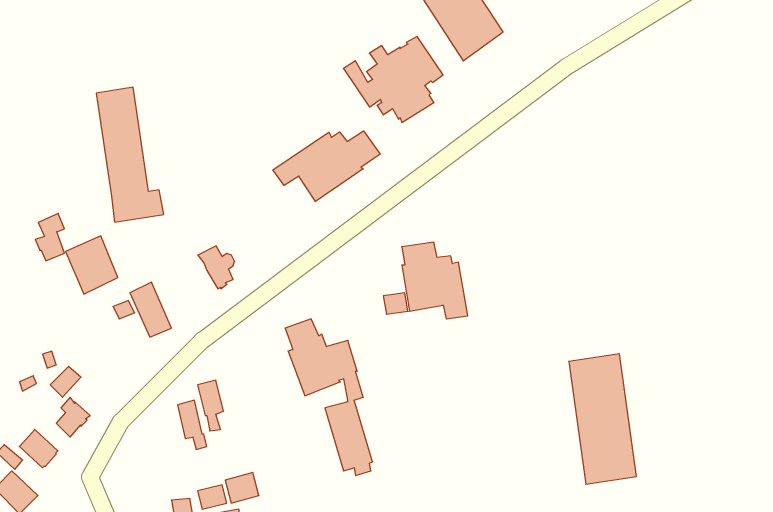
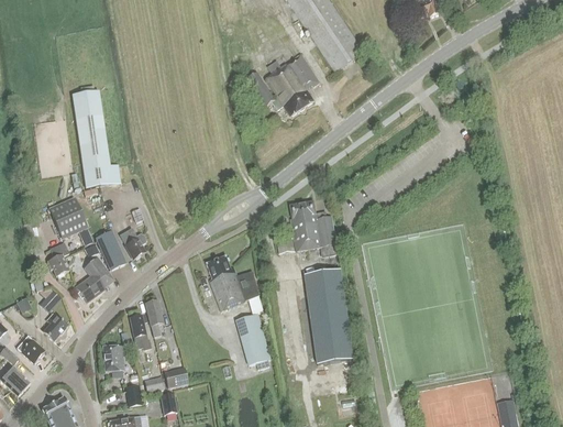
building: [273,131,380,201] -> none
building: [35,213,64,261] -> [47,242,68,276]
building: [198,246,235,289] -> [119,228,145,259]
building: none -> [75,258,114,302]
building: [569,354,636,484] -> [305,271,353,364]
building: none -> [102,346,123,371]

